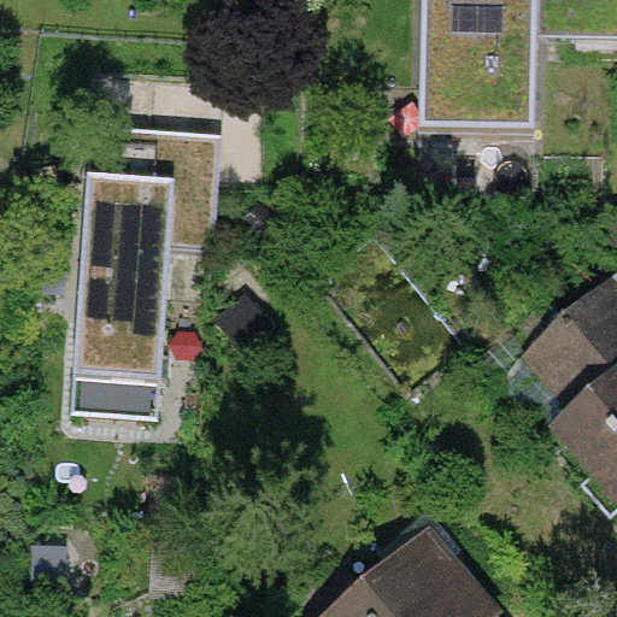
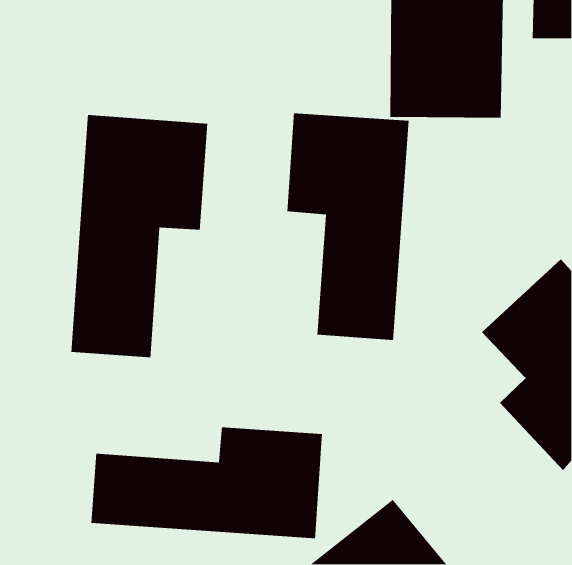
building: none -> [286,112,409,341]
building: none -> [91,427,323,539]

